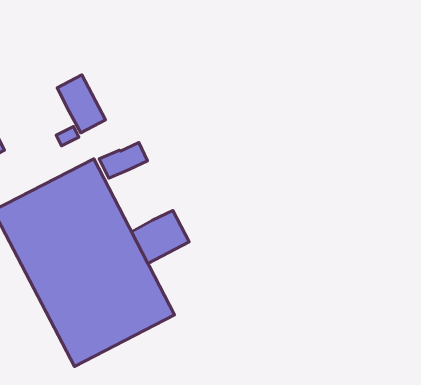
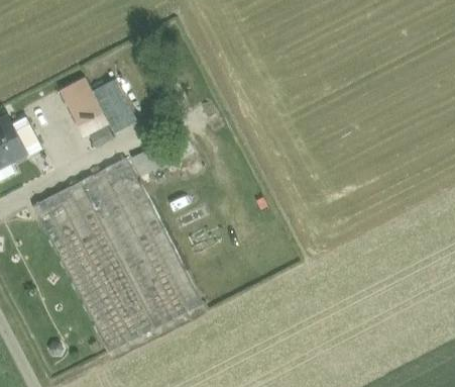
building: none -> [60,77,103,125]
building: [131,210,189,263] -> none

